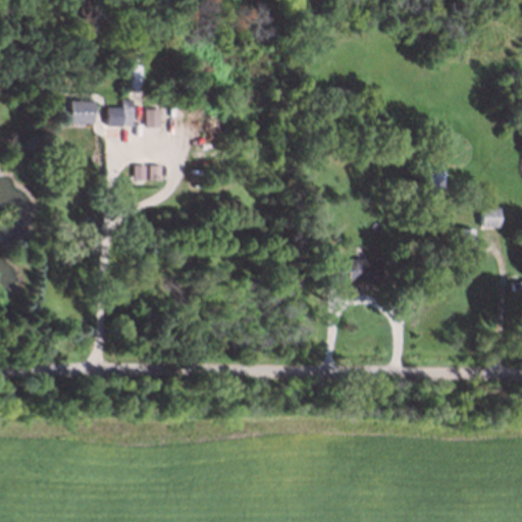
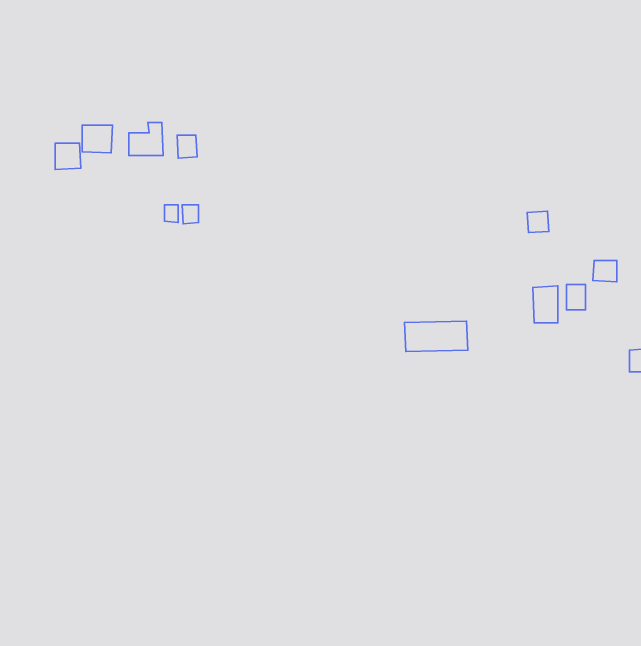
building: none -> [55,143,81,169]
building: none -> [533,286,558,323]

